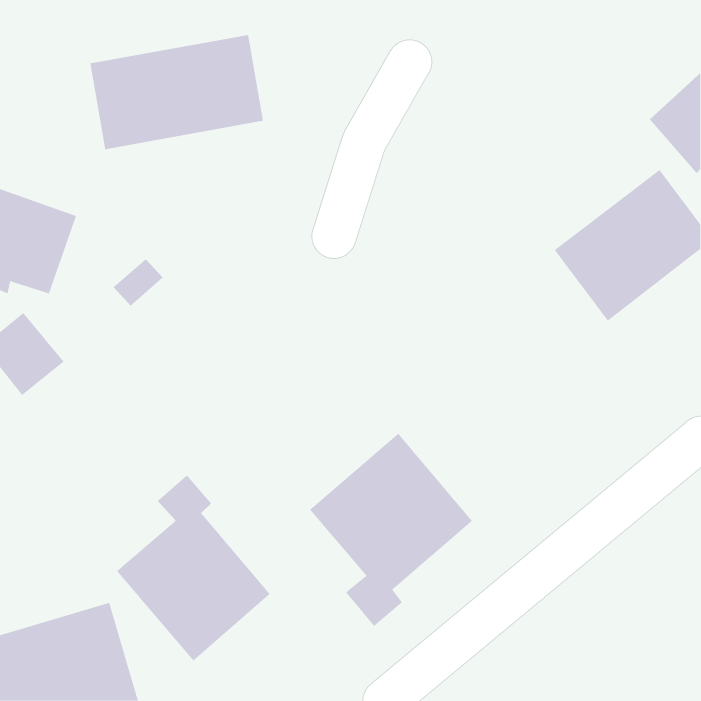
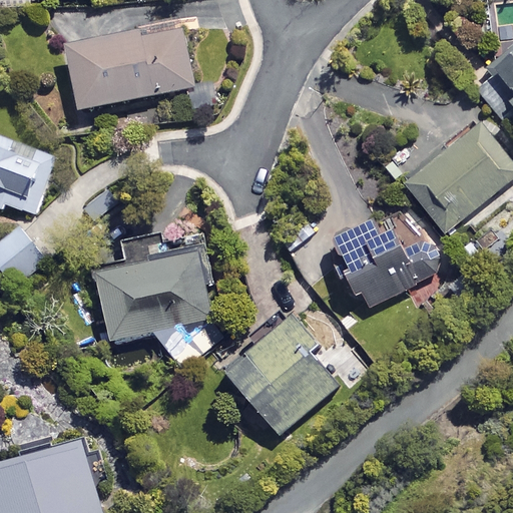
building: none -> [332,207,444,309]
building: none -> [95,229,208,368]
building: [116,474,271,662] -> none

